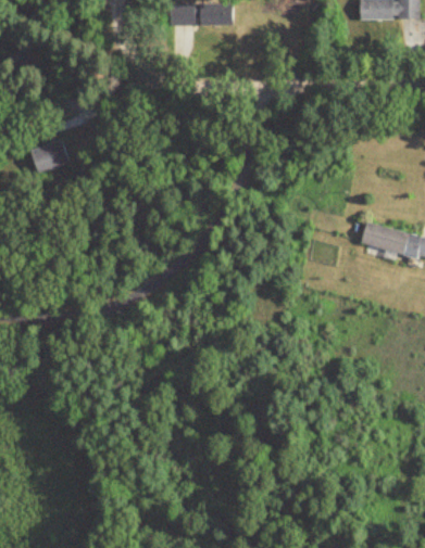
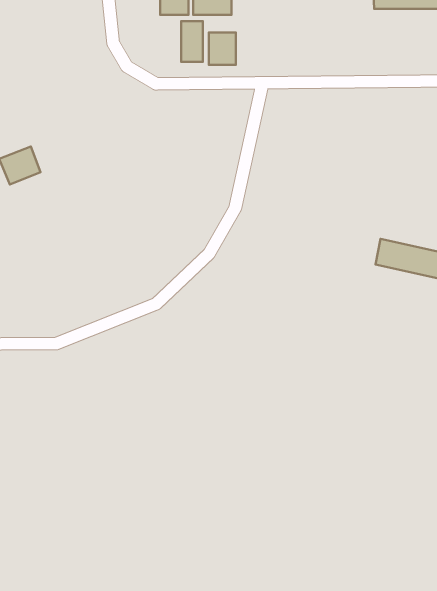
building: none -> [181,21,203,62]
building: none -> [209,32,236,65]

